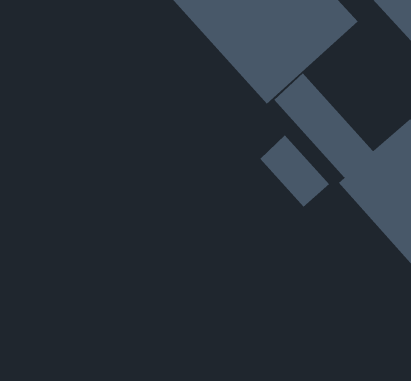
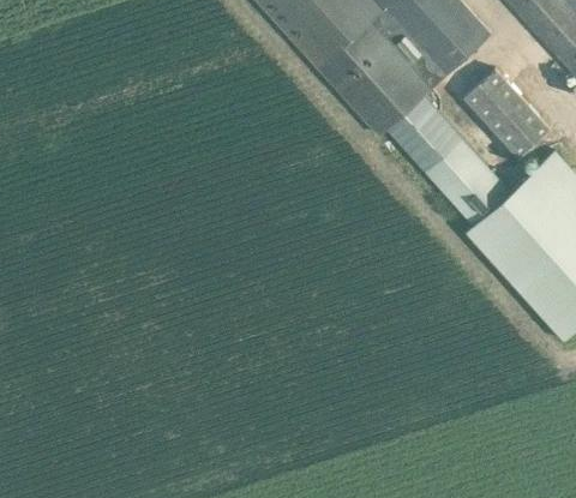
building: [259,134,330,208] -> [464,70,551,160]

